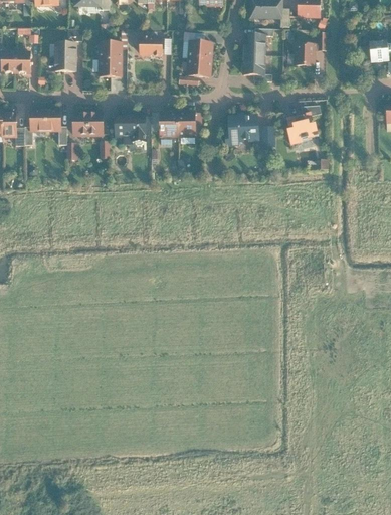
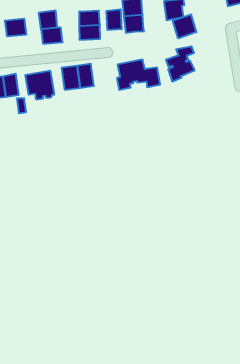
building: none -> [106,9,122,30]
building: [99,61,123,80] -> [41,27,63,44]
building: none -> [173,14,196,38]

